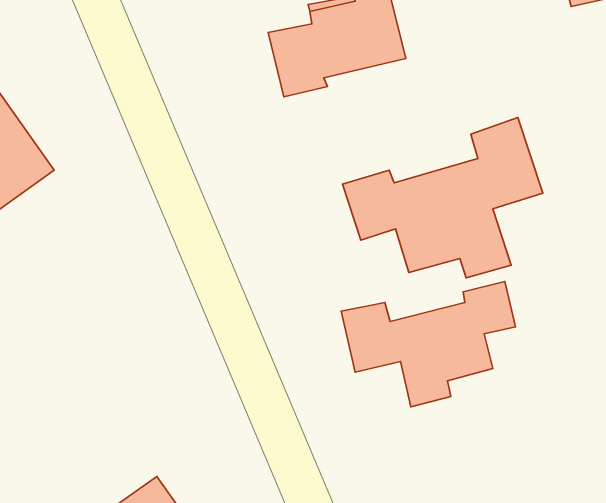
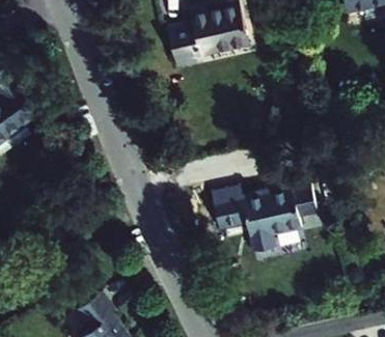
building: [343,118,543,278] -> none

